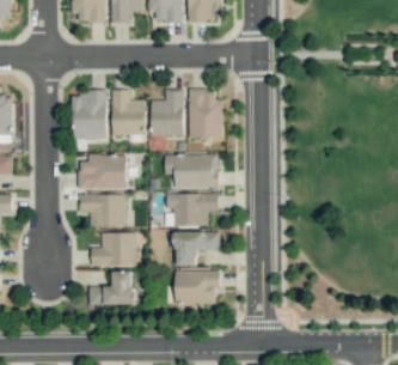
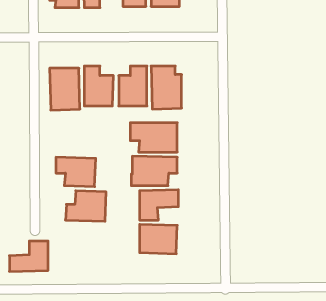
building: [79,154,127,189] -> none
building: [90,270,134,305] -> [9,241,48,271]

